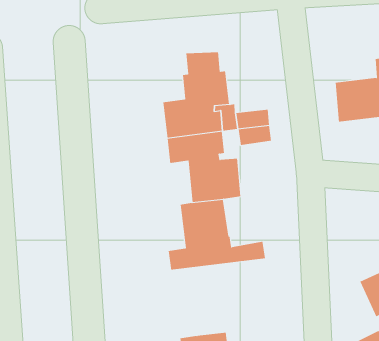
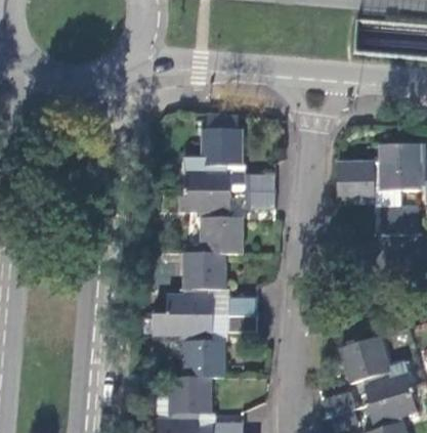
building: none -> [153,312,257,377]

